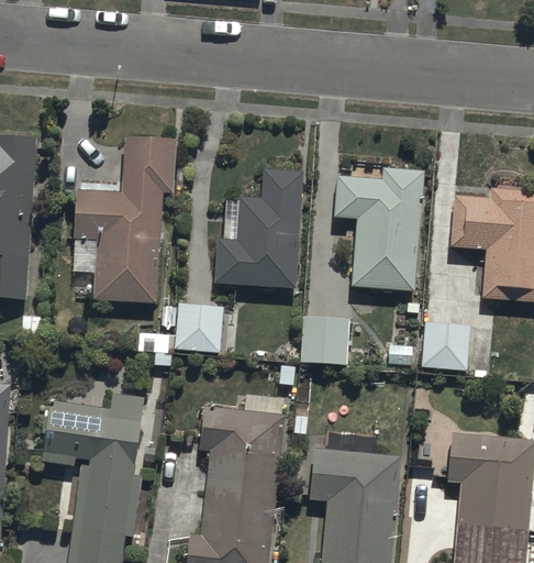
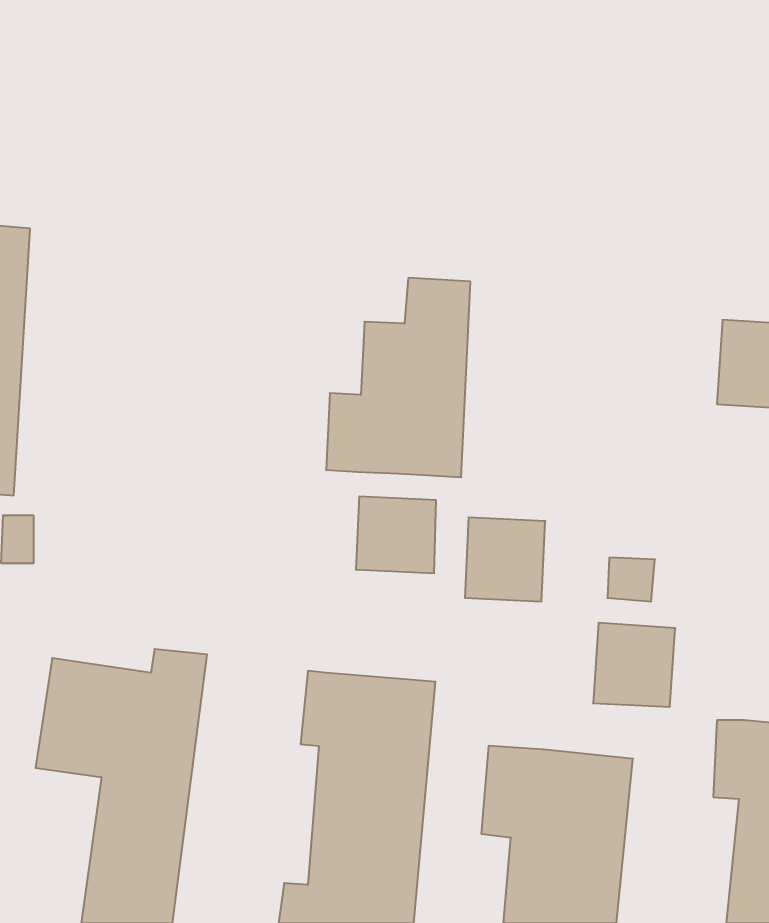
building: [75,139,173,303] -> none
building: [335,168,422,291] -> none
building: [175,303,223,350] -> [356,496,436,573]
building: [420,320,469,371] -> [593,623,675,707]

